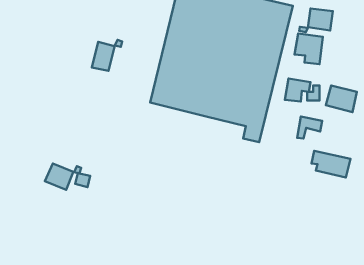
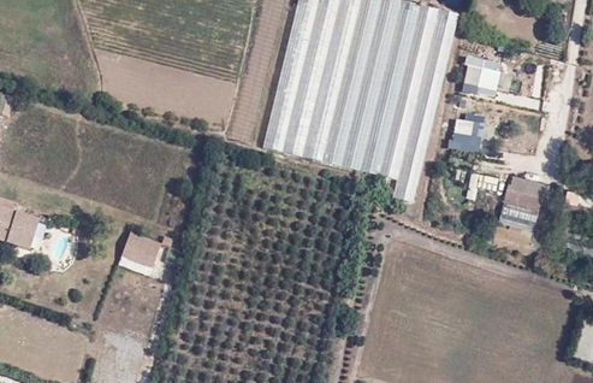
building: [299,9,333,32] -> none
building: [92,40,122,71] -> none
building: [326,86,357,112] -> [500,175,542,211]

